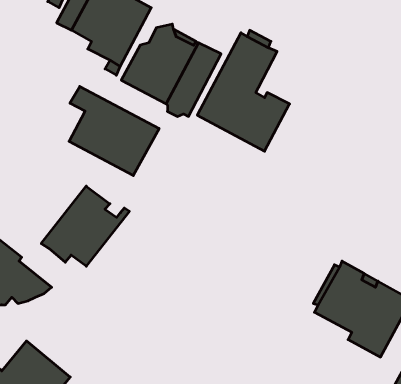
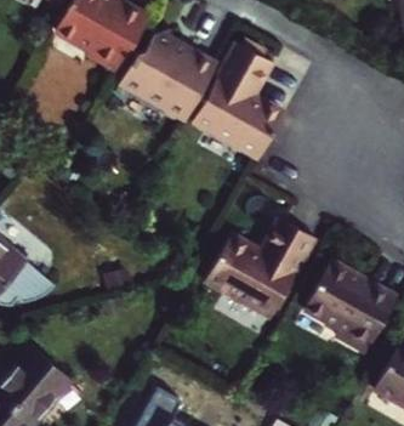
building: [69,86,159,176] -> none
building: [41,186,129,266] -> none
building: none -> [209,218,318,318]

